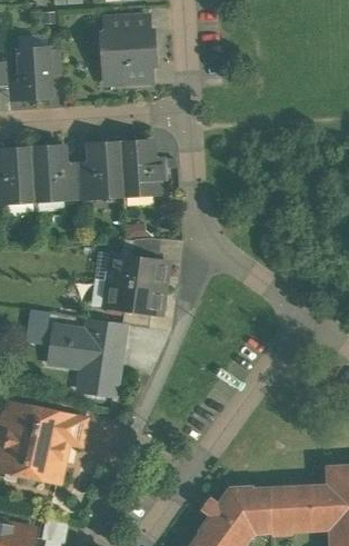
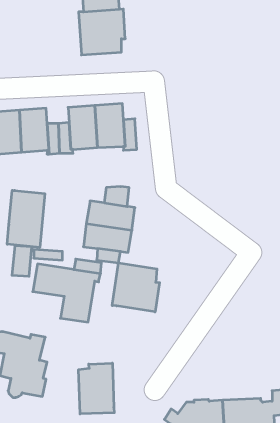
building: [19,49,50,99] -> none
building: none -> [7,190,45,247]
building: none -> [112,263,160,312]
building: [56,414,87,446] -> none
building: none -> [79,363,114,414]

